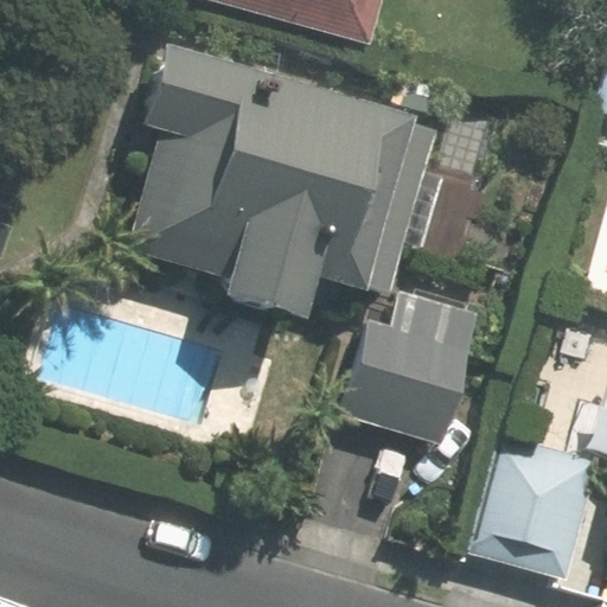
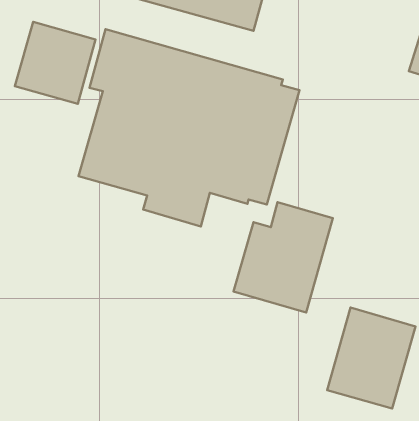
building: none -> [15,22,96,104]

